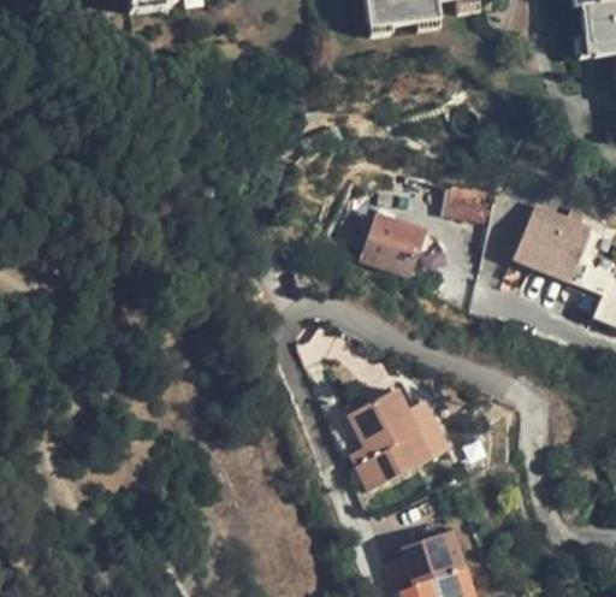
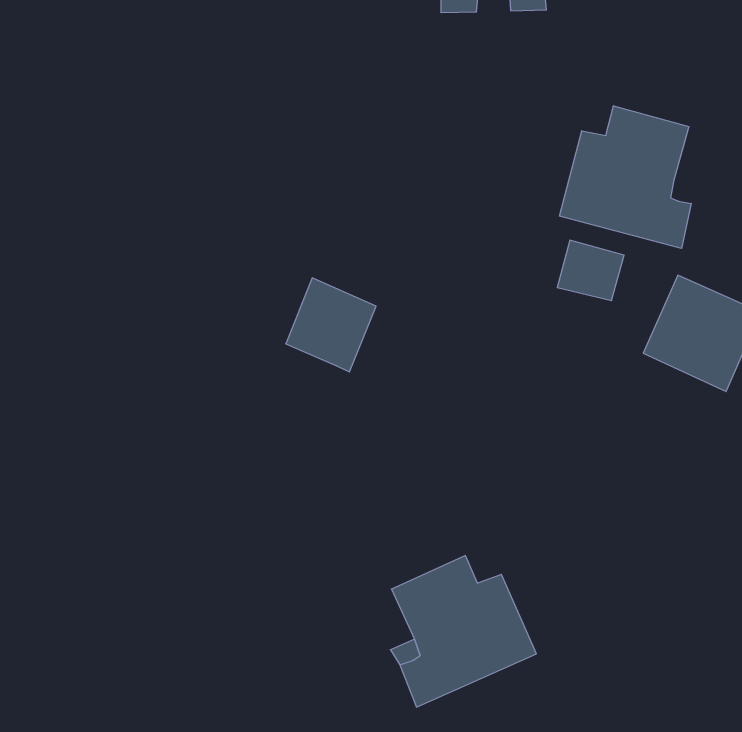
building: none -> [559,106,691,248]
building: [361,211,420,272] -> [286,278,376,372]

